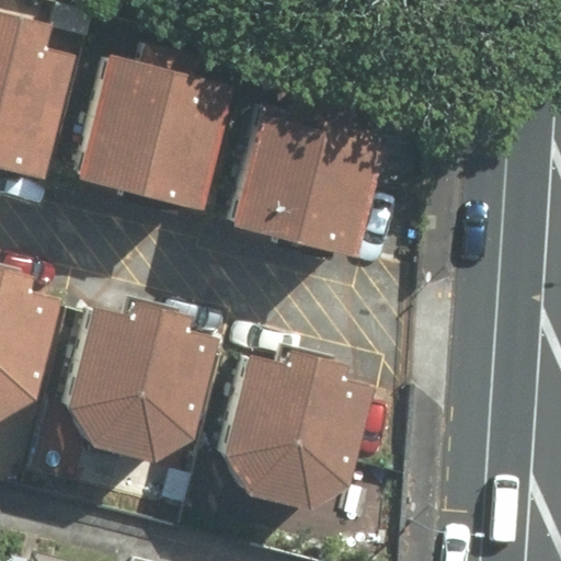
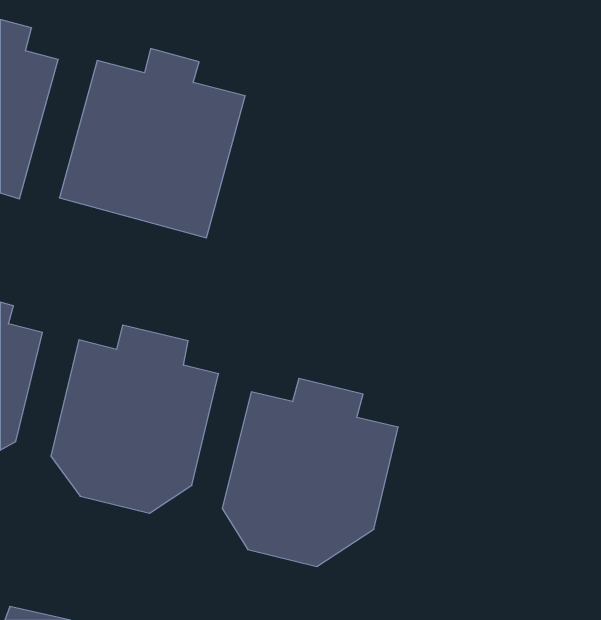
building: [225,92,383,259] -> none

